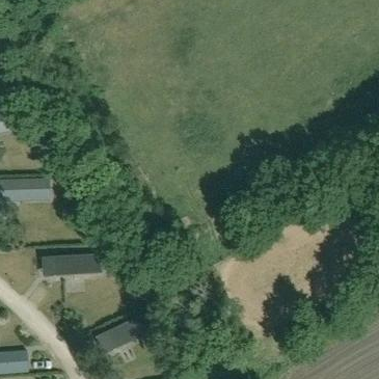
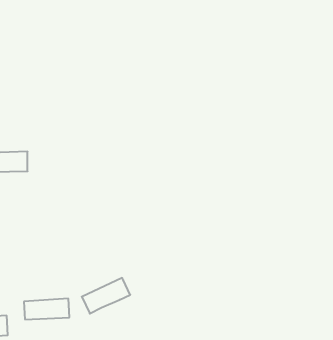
building: [51,253,99,275] -> [24,299,69,319]

